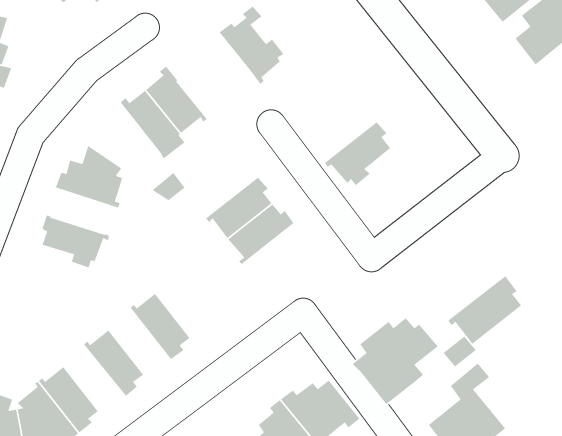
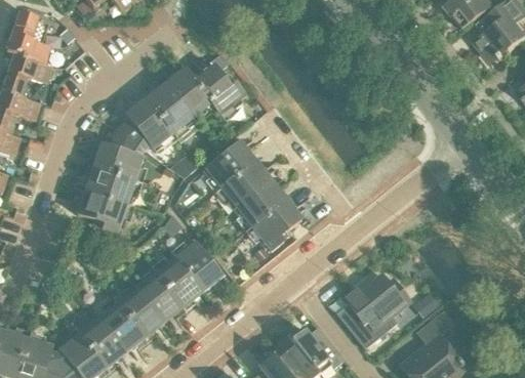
building: [218,5,285,85] -> [190,54,245,121]
building: none -> [115,94,176,155]
building: [324,121,391,186] -> [244,196,300,250]
building: none -> [200,139,257,192]
building: none -> [83,166,140,205]
building: none -> [169,238,221,295]
building: [447,275,522,345] -> none
building: none -> [132,266,185,323]
building: none -> [94,297,147,353]

